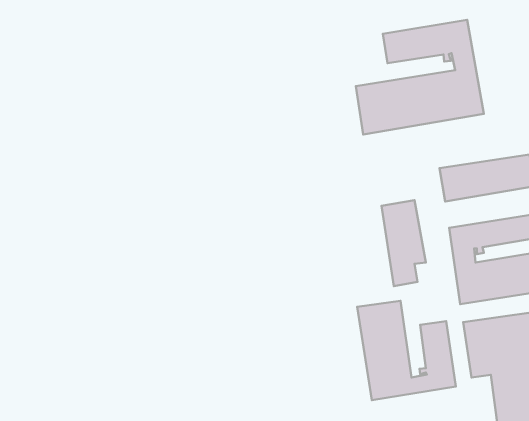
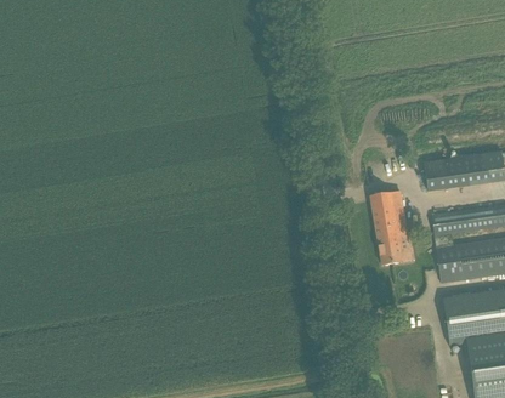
building: [356,20,484,134] -> none
building: [357,301,456,400] -> none

